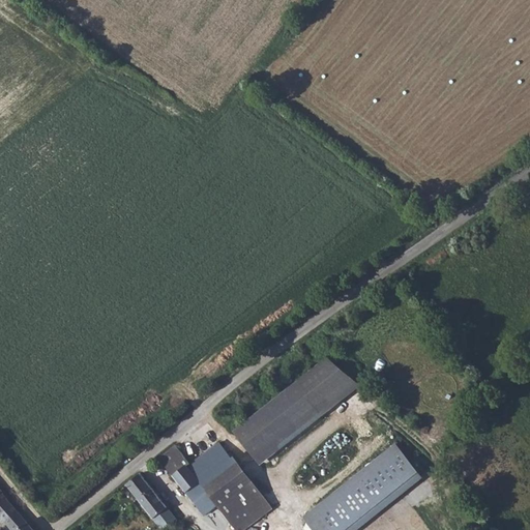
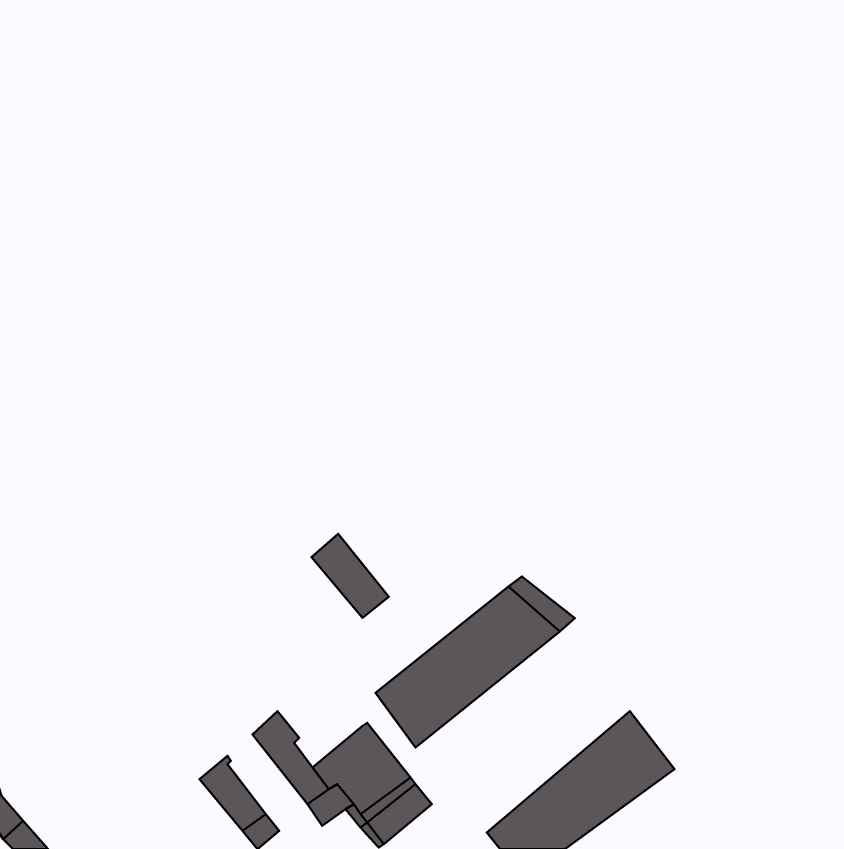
building: none -> [312,534,389,618]
building: [183,437,226,478] -> none

